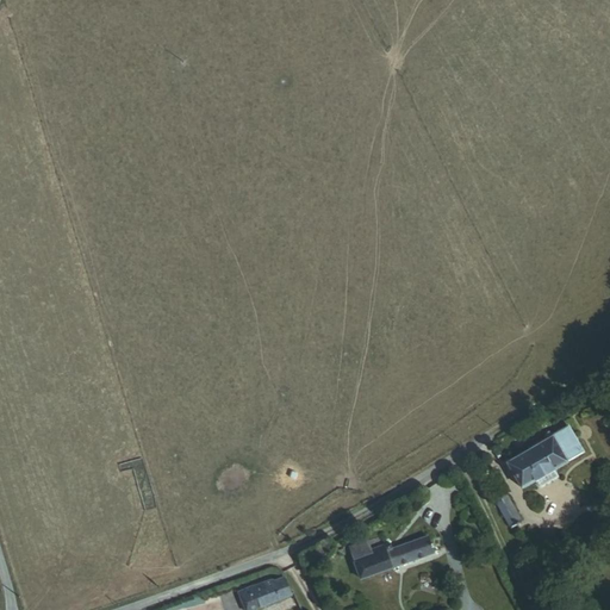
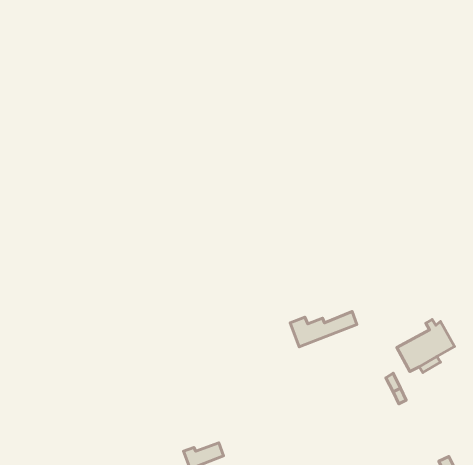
building: [349,534,435,579] -> [290,312,357,347]

